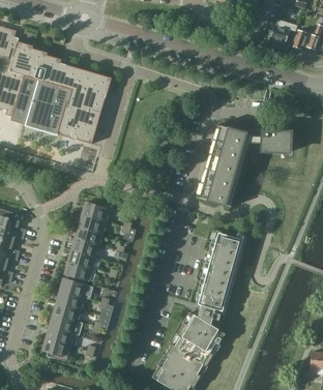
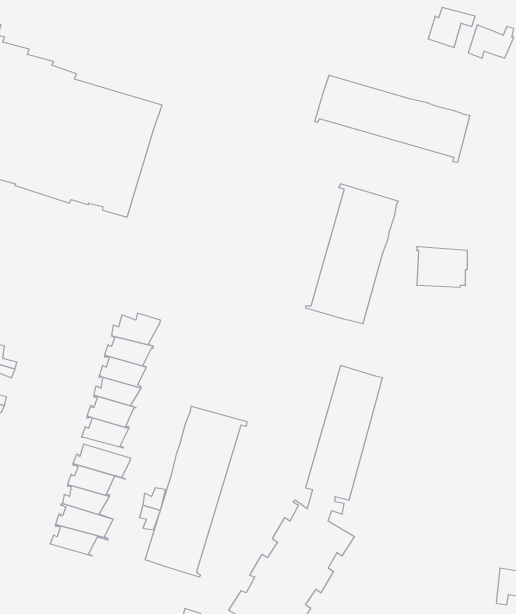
building: none -> [315,75,470,162]
building: [261,129,291,153] -> [417,247,467,287]
building: none -> [145,406,247,577]
building: [41,337,70,360] -> none

